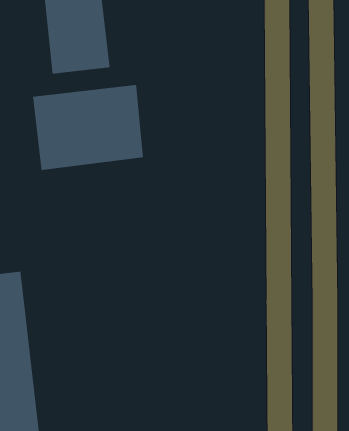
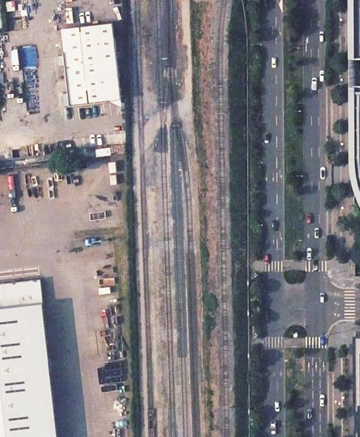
building: [33,84,144,171] -> none

